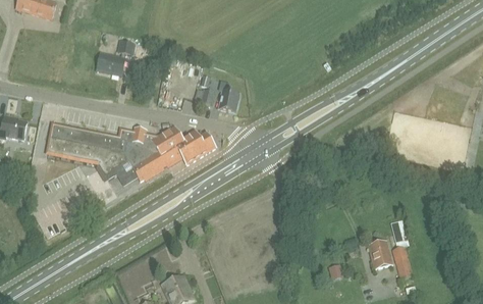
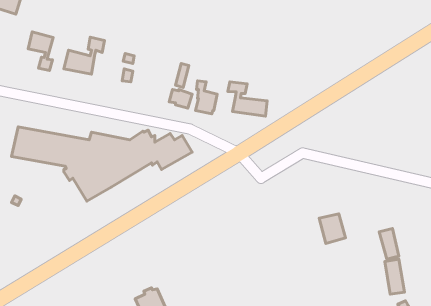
building: none -> [28,32,53,71]
building: none -> [228,82,267,116]
building: [368,240,392,267] -> [319,214,345,243]

